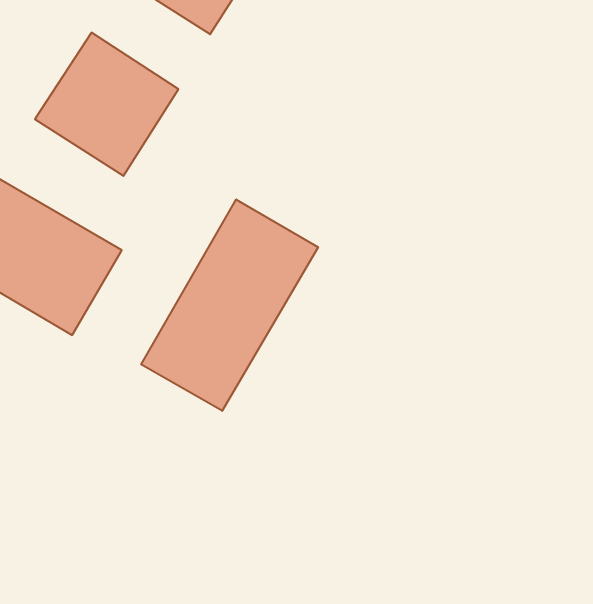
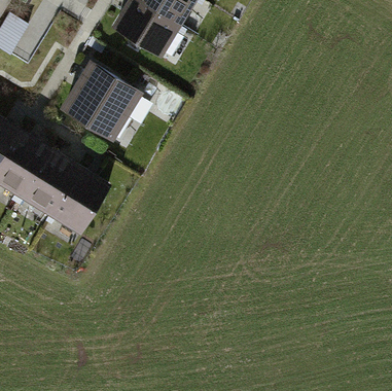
building: [141,199,318,411] -> none

